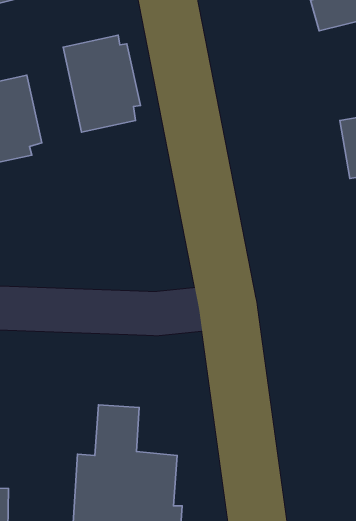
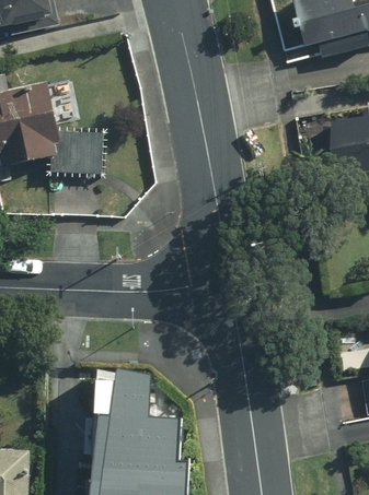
building: [63,35,141,132] -> none

